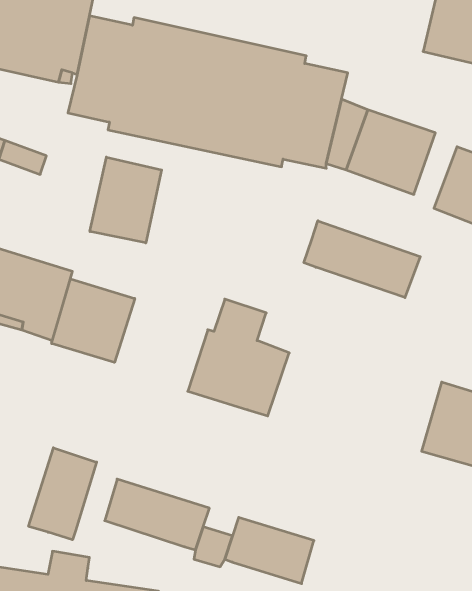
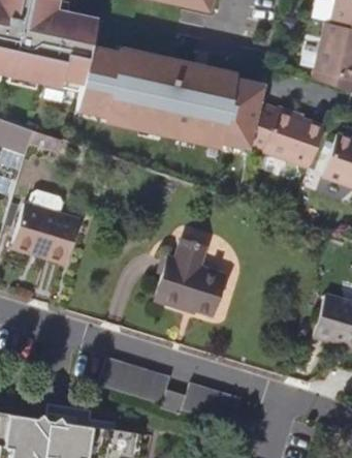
building: [90,157,162,243] -> none
building: [304,221,420,298] -> none
building: [52,279,135,362] -> none
building: [29,448,97,540] -> none

